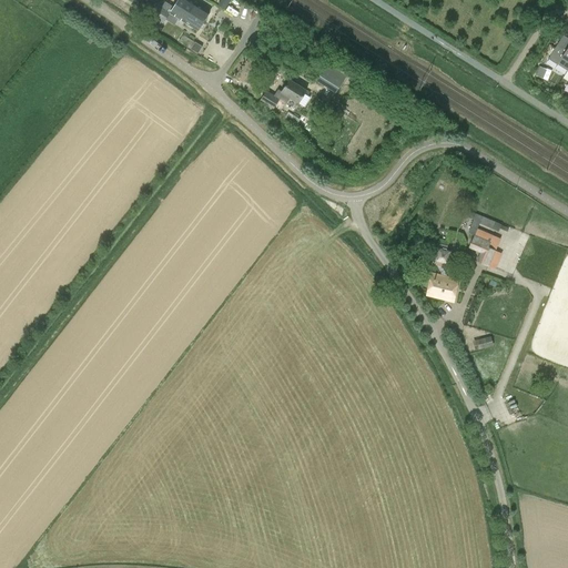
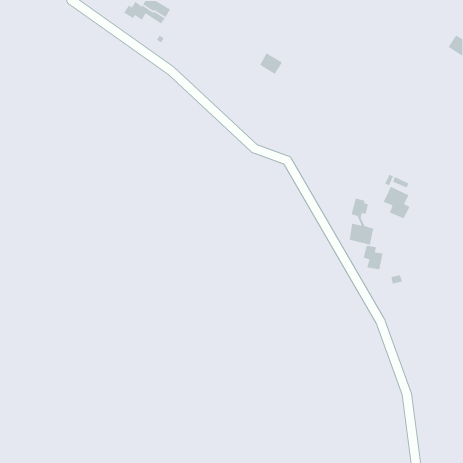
building: [257,79,307,111] -> none
building: none -> [363,245,383,270]

